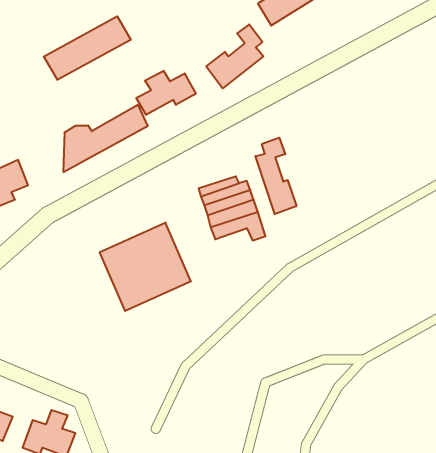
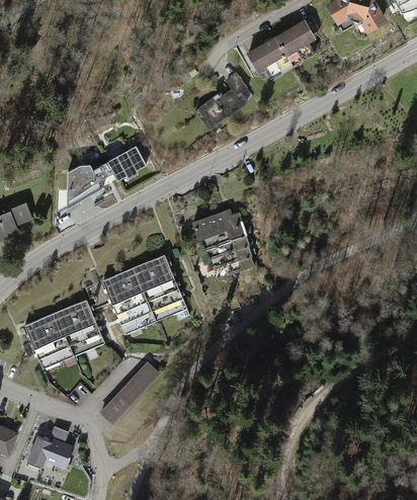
building: [44,16,131,80] -> none
building: [136,71,196,115] -> none
building: [255,138,296,214] -> none
building: none -> [27,300,106,367]
building: none -> [97,361,159,424]

